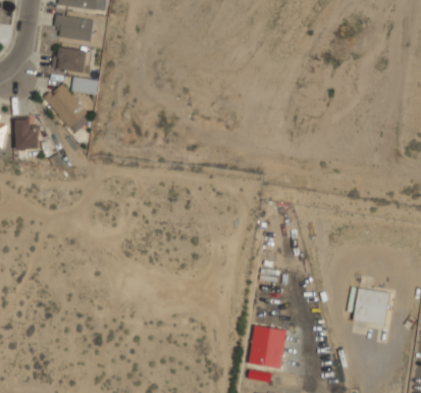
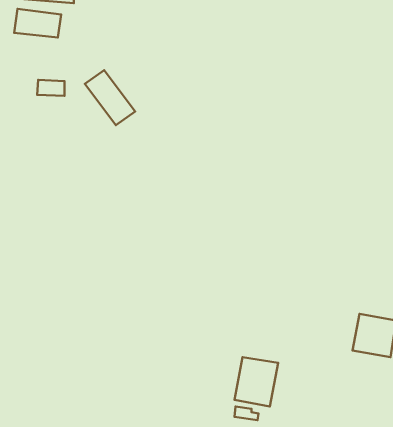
building: [54,48,88,70] -> none
building: [45,83,90,132] -> [85,70,135,125]

